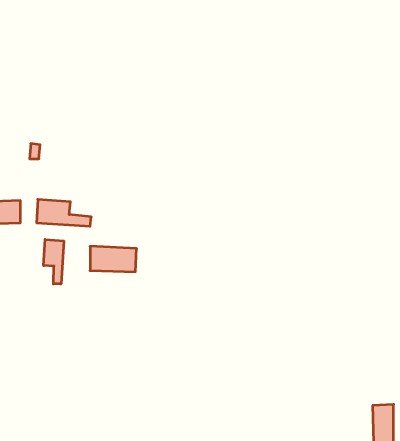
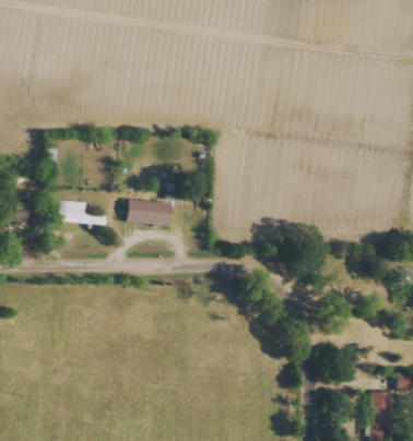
building: [44,239,64,284] -> none
building: [90,246,137,272] -> [128,200,172,224]

